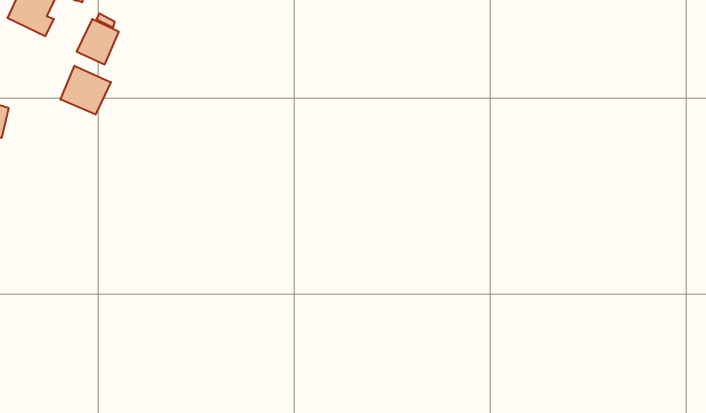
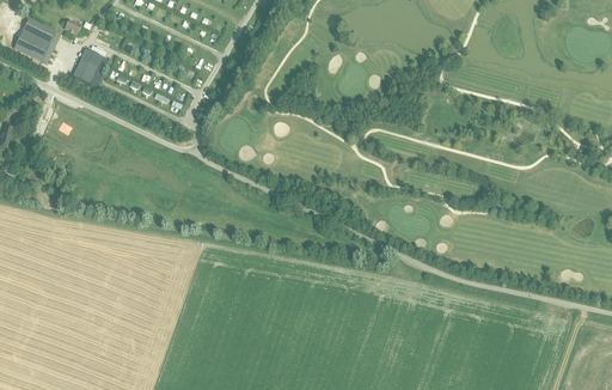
building: [60,66,111,115] -> none

